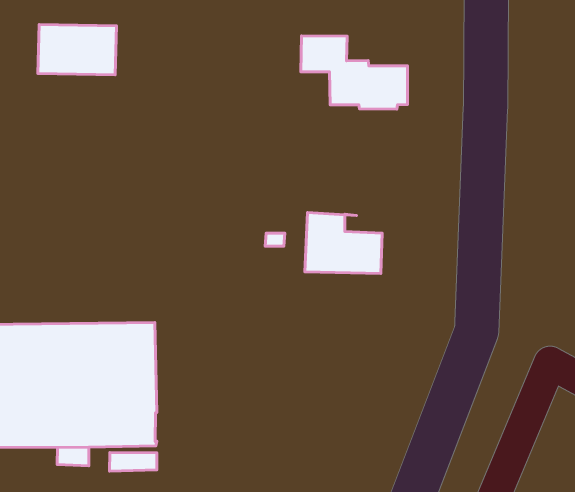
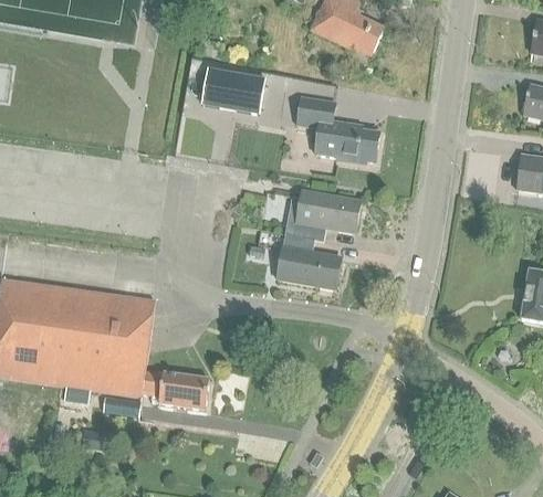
building: [38,25,117,75] -> [200,66,267,114]
building: none -> [285,190,361,241]
building: none -> [142,370,209,409]

